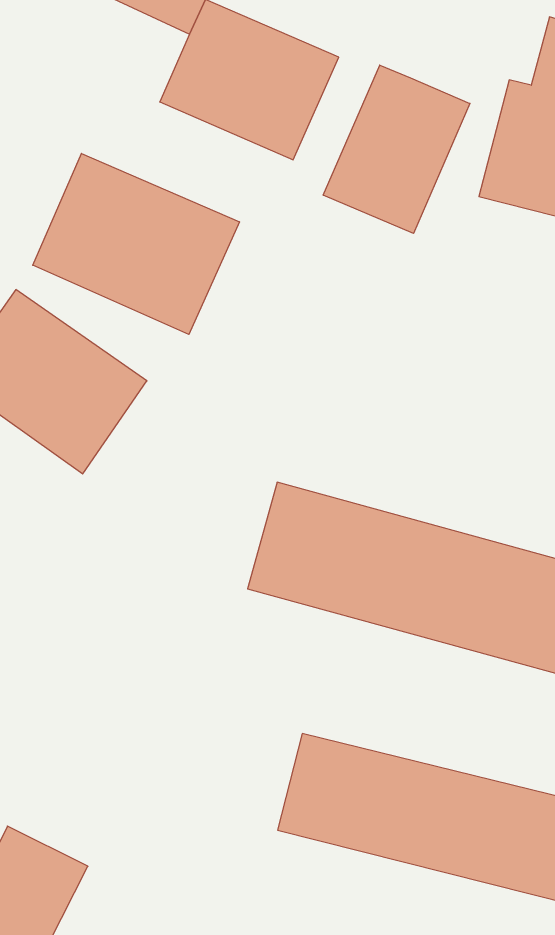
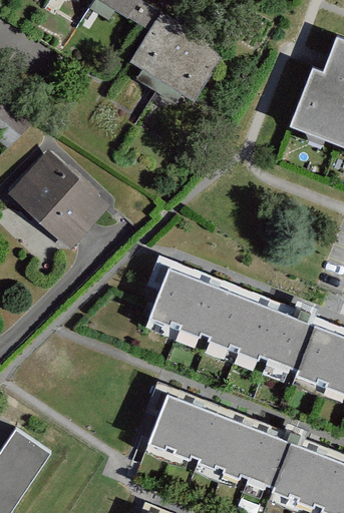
building: [323,65,470,233] -> none
building: [33,153,239,334] -> none

